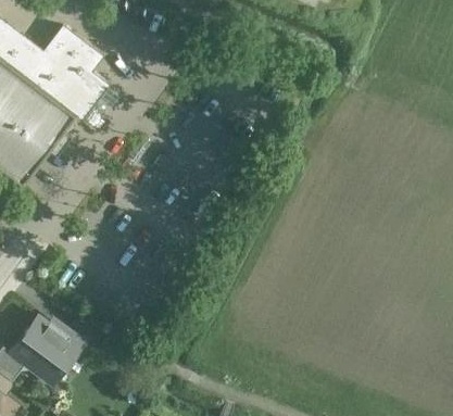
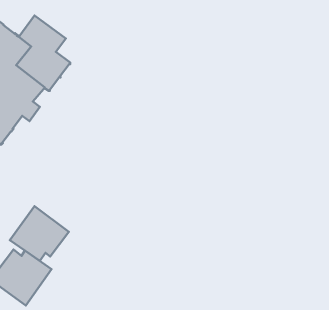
building: none -> [10,206,69,261]

